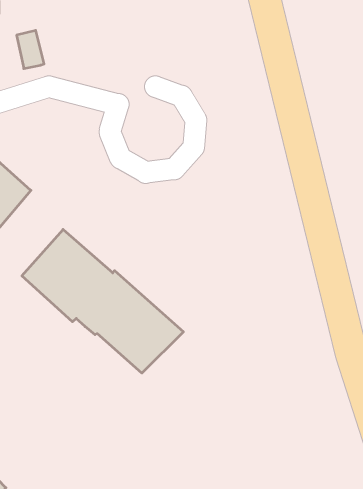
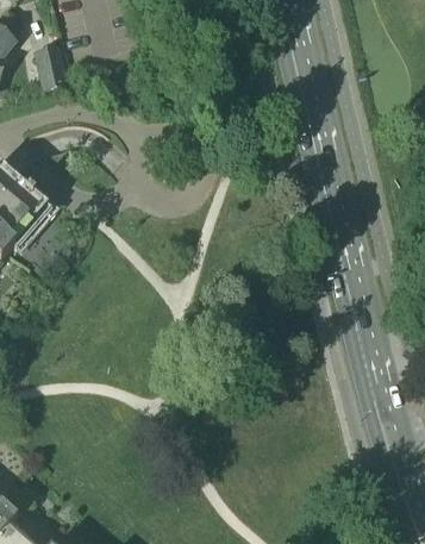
building: [22,229,183,373] -> none

